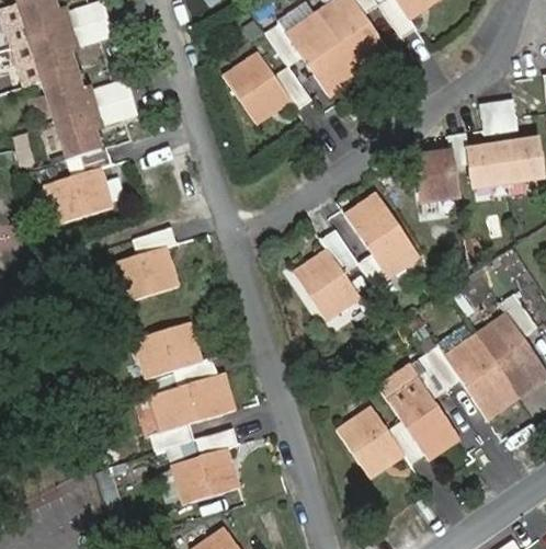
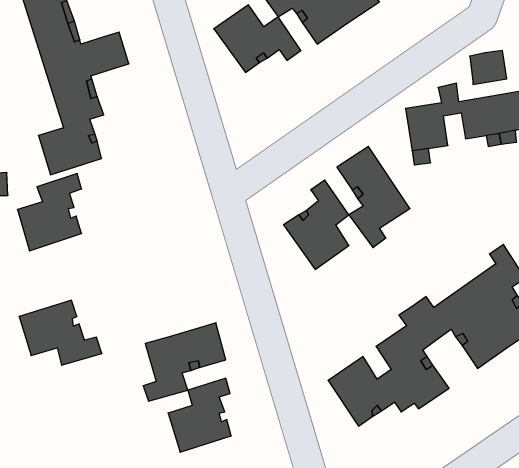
building: [111,227,175,305] -> [17,174,82,251]
building: [134,321,217,387] -> [19,300,102,365]

